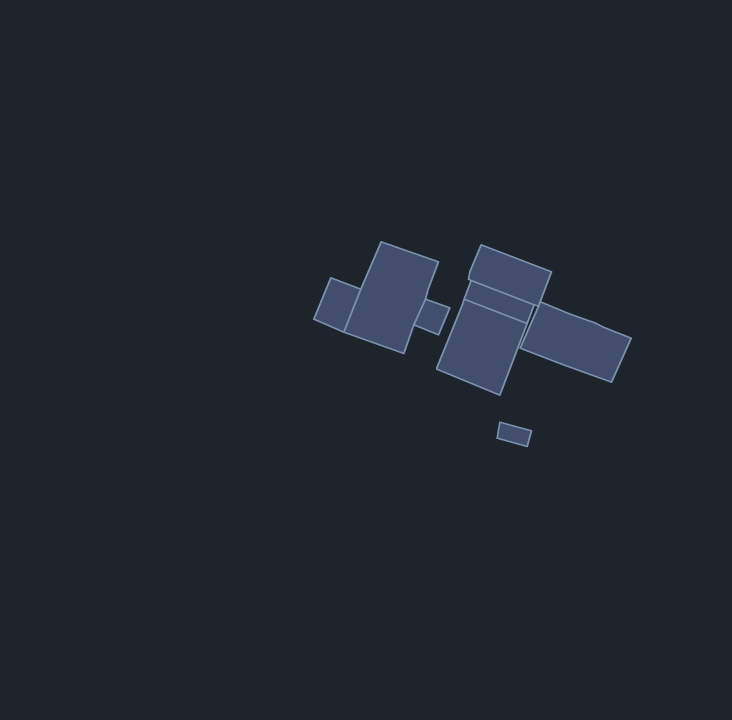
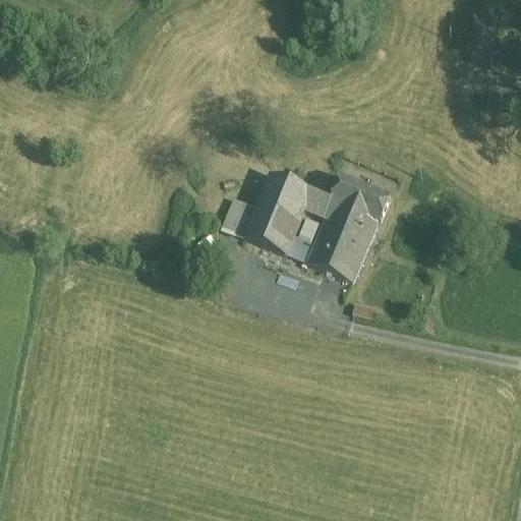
building: none -> [304,186,335,216]
building: [520,302,631,382] -> none
building: none -> [287,231,319,262]

